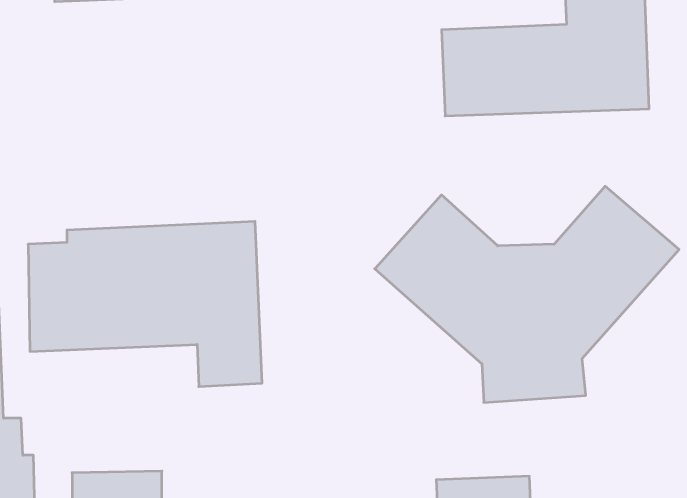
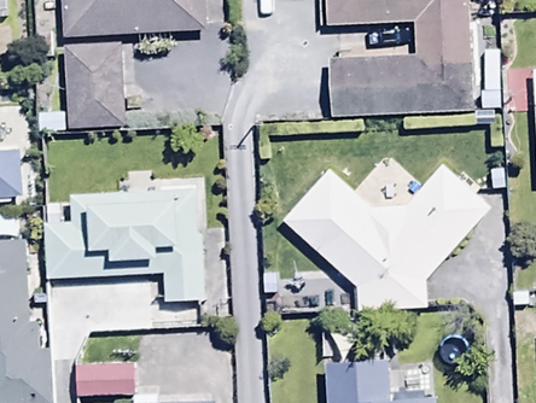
building: none -> [36,42,124,130]

